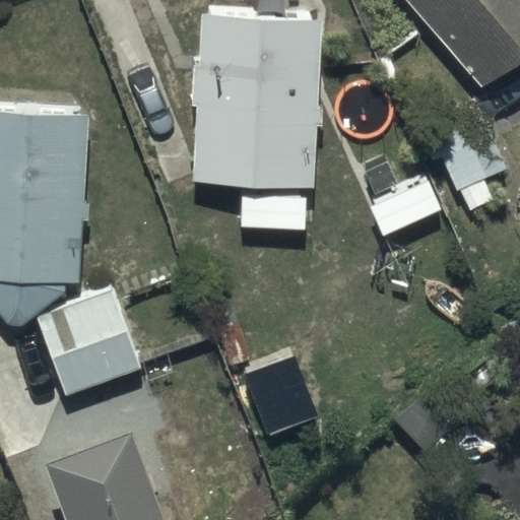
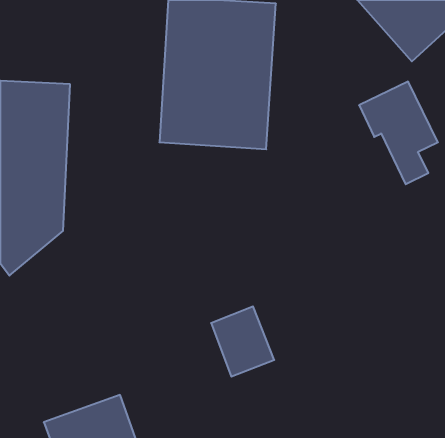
building: [36,291,141,396] -> none

